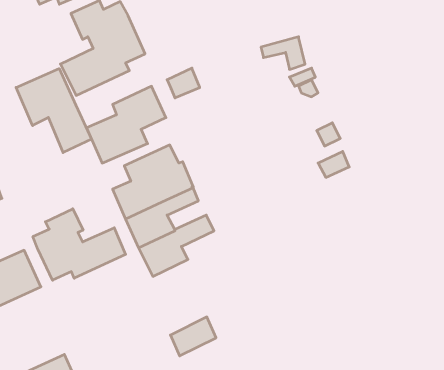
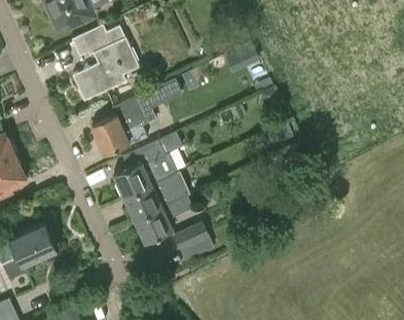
building: [16,69,92,153] -> none
building: [33,209,126,280] -> none
building: [170,317,216,356] -> [173,221,209,252]

